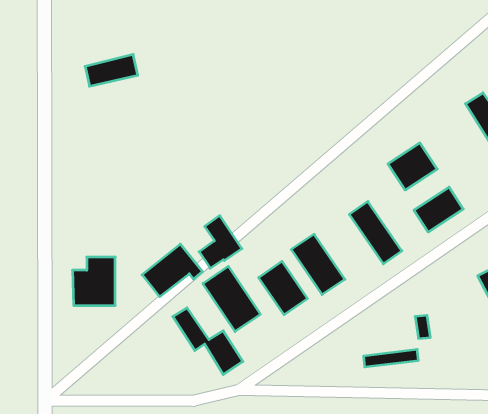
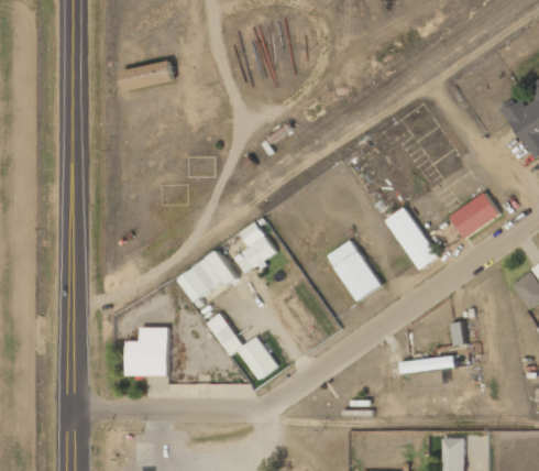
building: [388,143,437,190] -> none
building: [72,257,115,305] -> [125,327,168,375]
building: [259,261,307,315] -> none
building: [203,266,260,332] -> none

